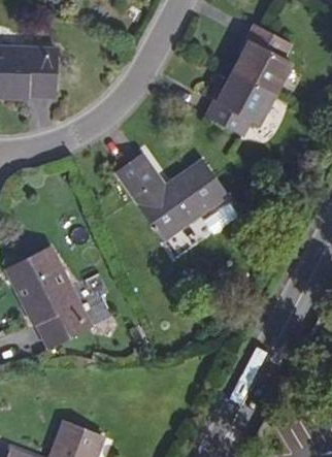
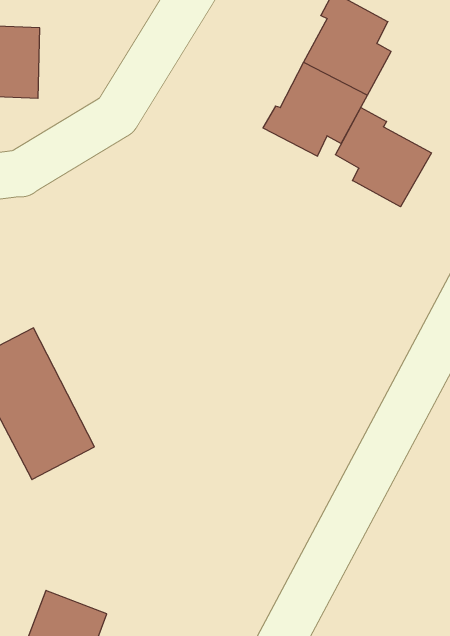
building: none -> [335,107,431,207]
building: [119,155,230,240] -> none

